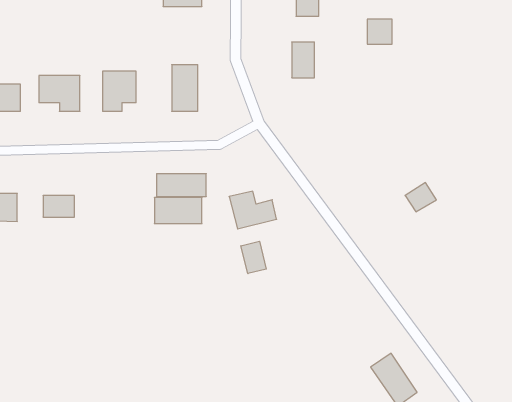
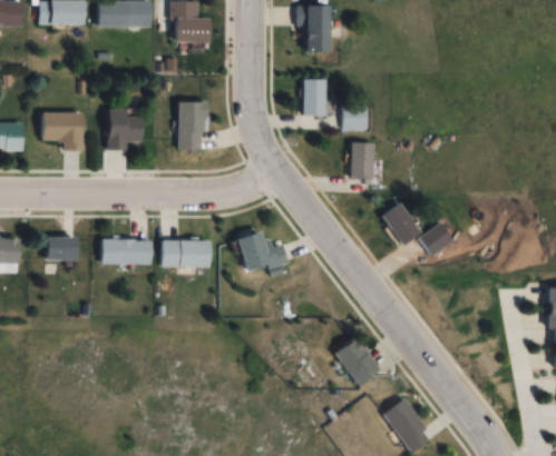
building: [367,19,392,44] -> [341,105,367,130]
building: none -> [351,142,373,179]
building: none -> [384,204,420,245]
building: [157,174,206,196] -> [101,239,153,262]
building: [241,241,266,274] -> none
building: none -> [336,338,382,386]

